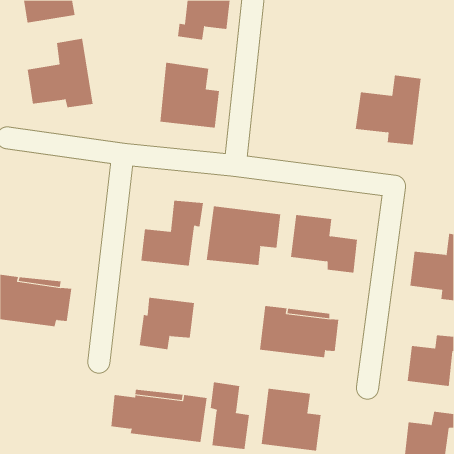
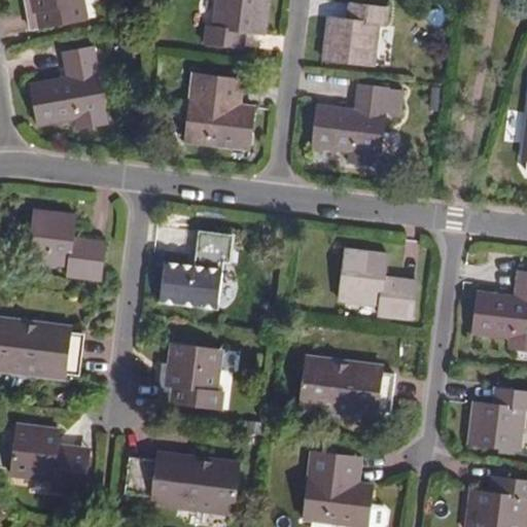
building: none -> [323,5,389,65]
building: [355,75,422,145] -> [312,84,389,166]
building: none -> [29,211,105,278]
building: [206,205,281,266] -> none
building: none -> [11,425,90,492]
building: [210,382,249,450] -> none

